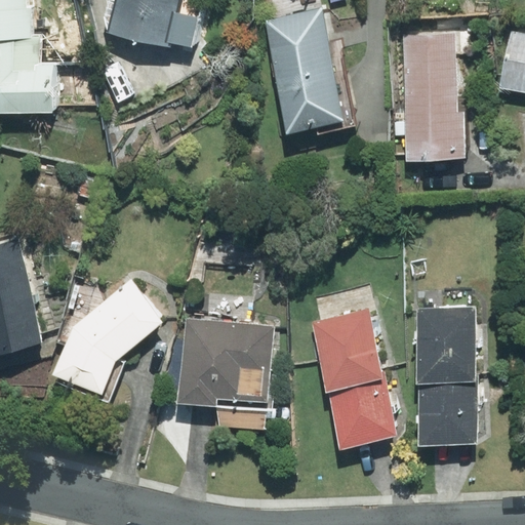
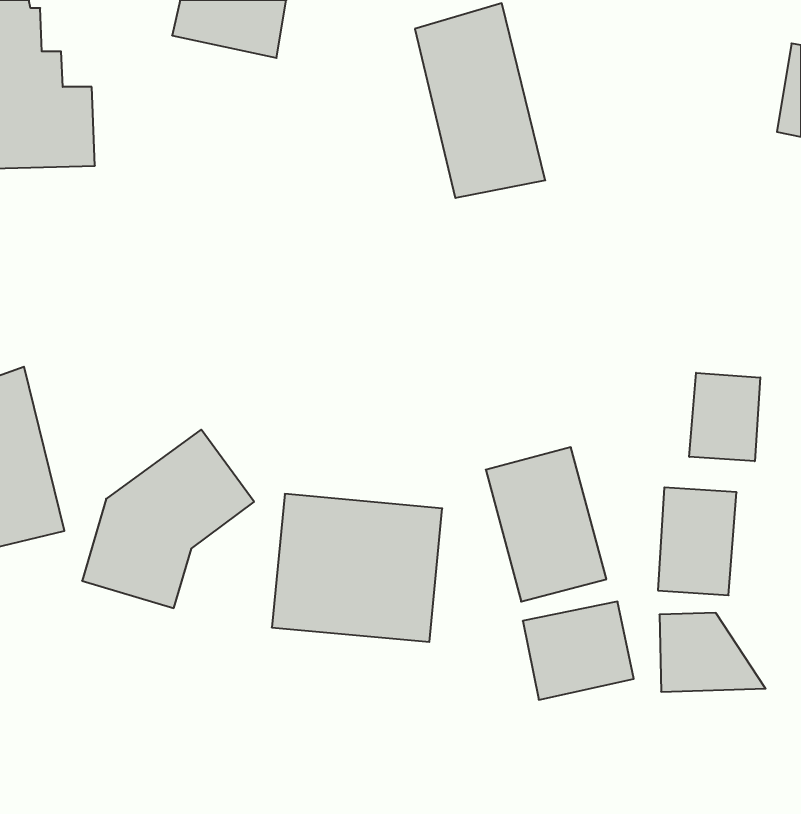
building: [396,35,463,158] -> none
building: none -> [689,373,760,461]

